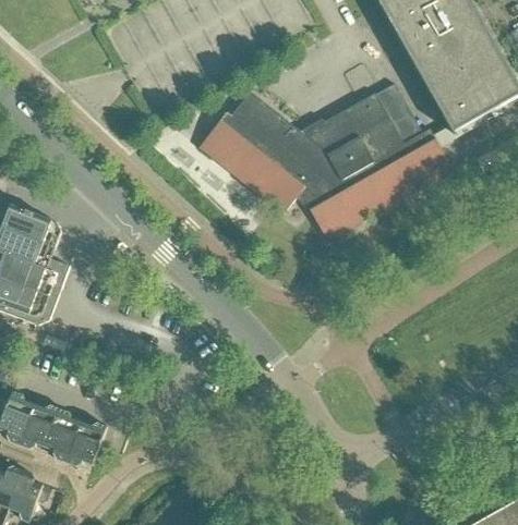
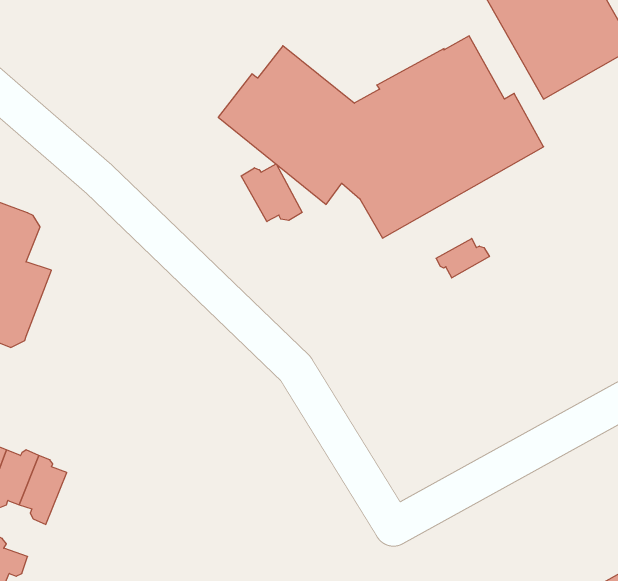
building: none -> [241,164,302,222]
building: none -> [436,238,489,278]
building: [64,420,106,465] -> none

